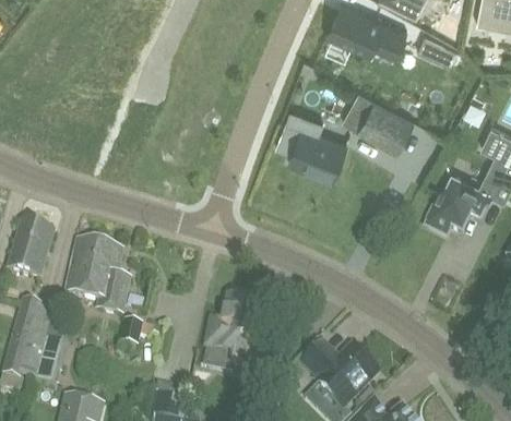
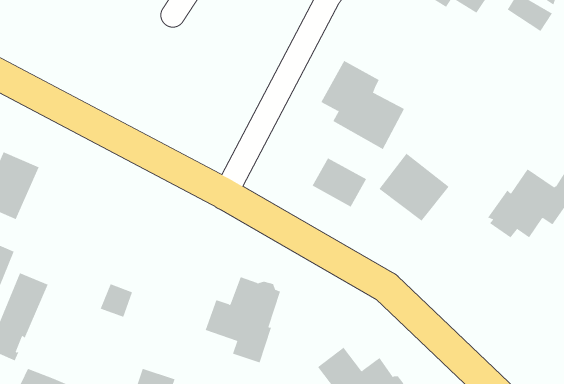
building: [356,98,414,153] -> [378,153,449,222]
building: none -> [312,157,367,207]
building: [64,239,130,314] -> none

